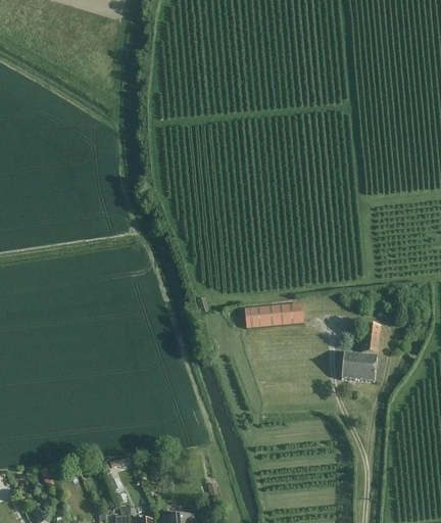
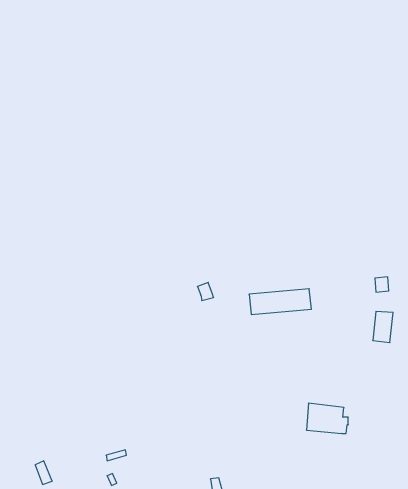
building: [341,352,381,381] -> [306,403,348,433]

